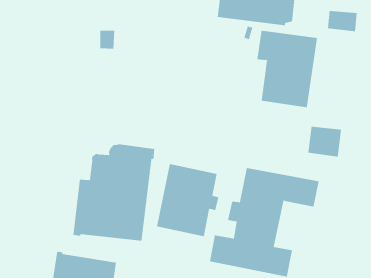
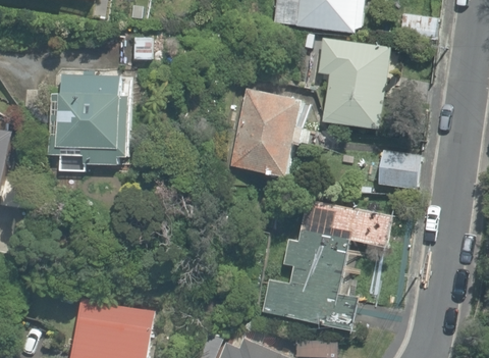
building: none -> [56,74,128,165]
building: [73,144,155,241] -> none
building: [156,163,219,237] -> [230,90,305,176]

